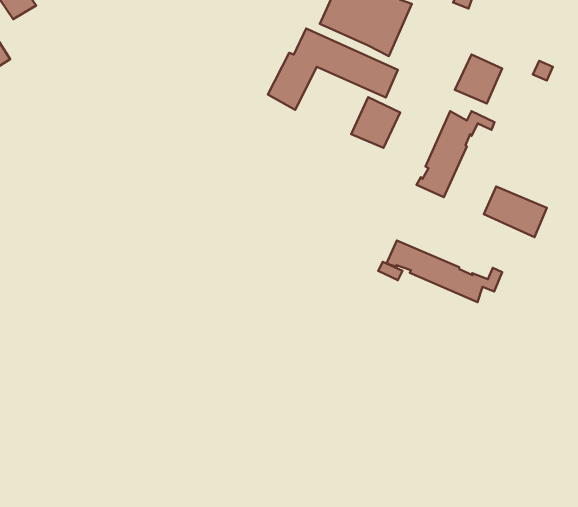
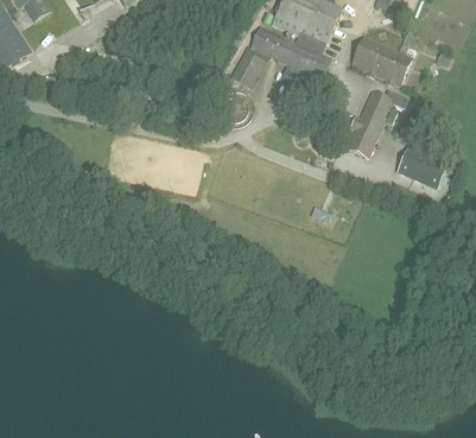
building: [351,97,400,148] -> [350,34,388,74]
building: [387,241,502,302] -> none

